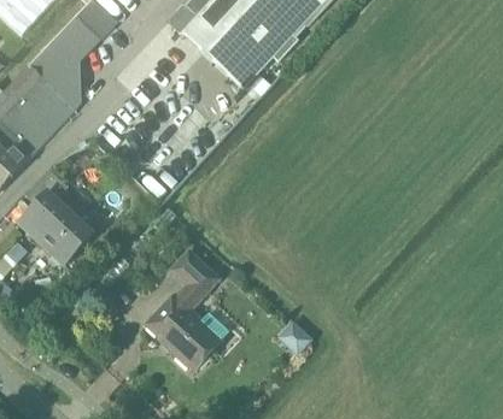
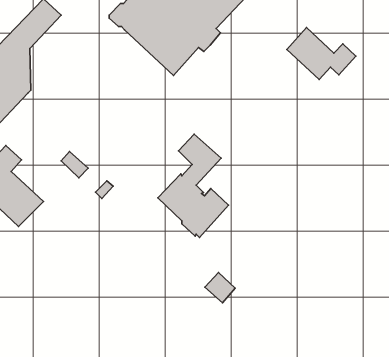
building: none -> [287,27,356,79]
building: [145,252,227,371] -> [158,134,229,237]

